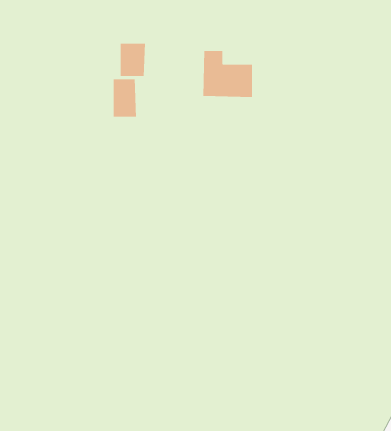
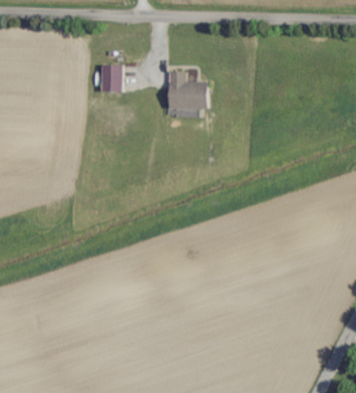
building: [113,79,136,118] -> none

